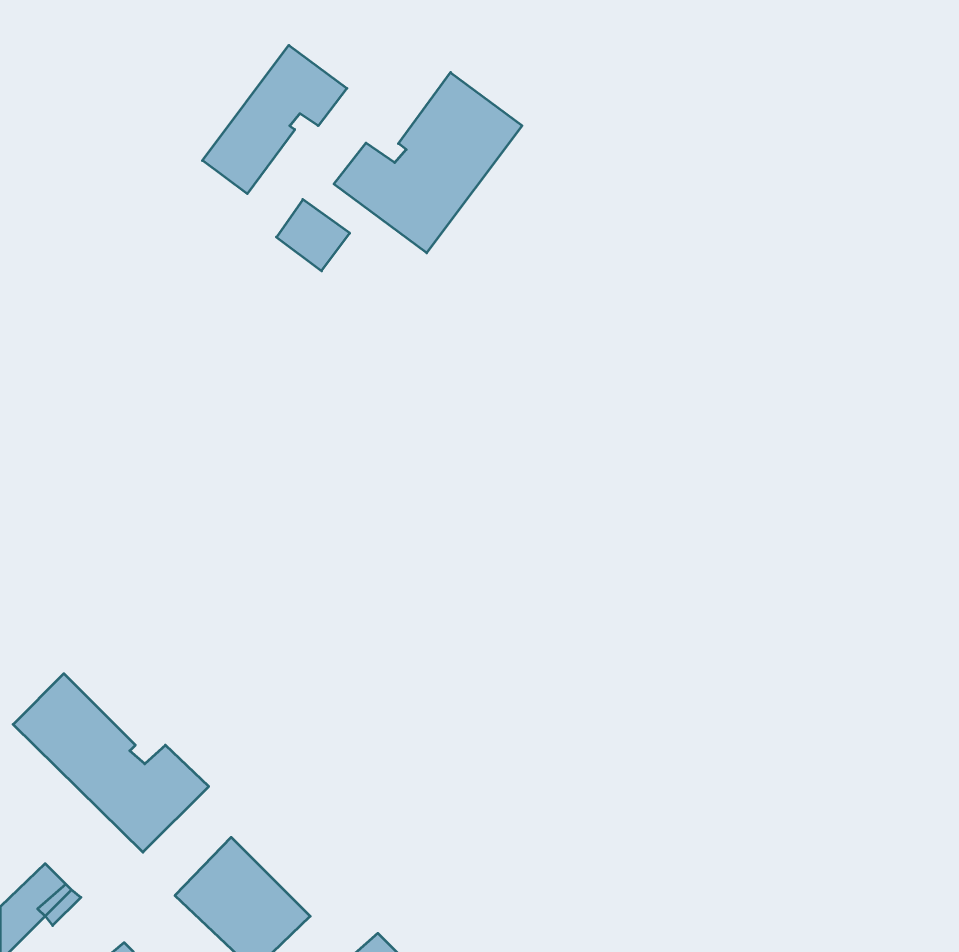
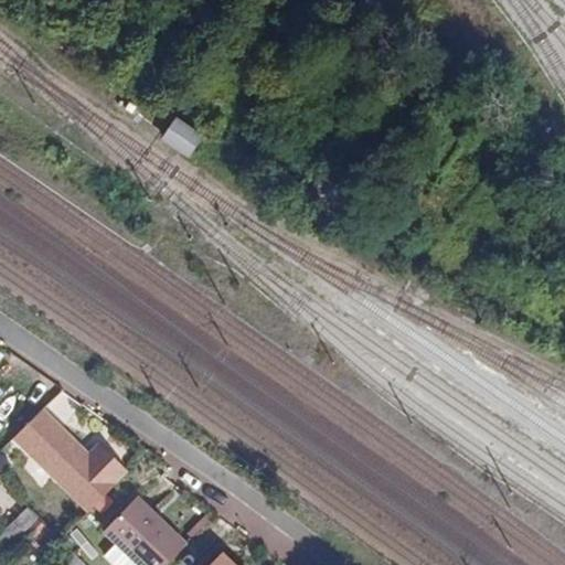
building: [202,45,347,194] -> none
building: [334,72,522,253] -> none

